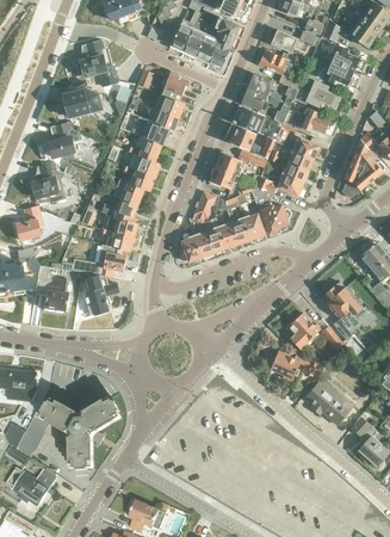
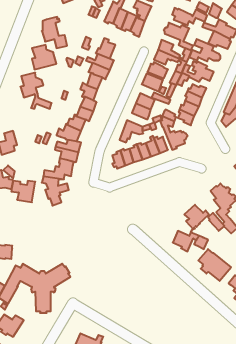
building: [31,161,61,204] -> none

